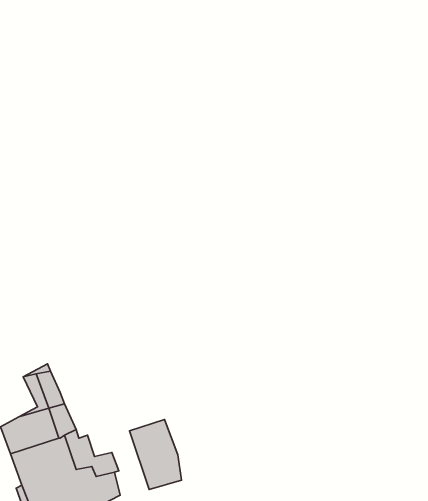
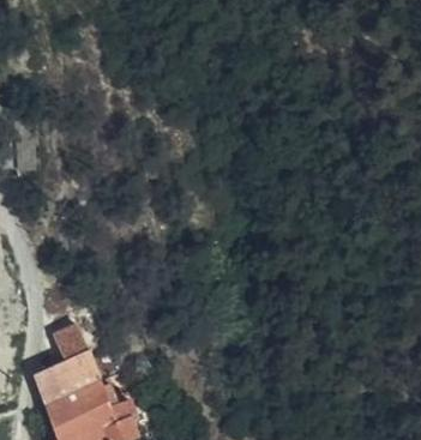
building: [129,419,181,489] -> none

